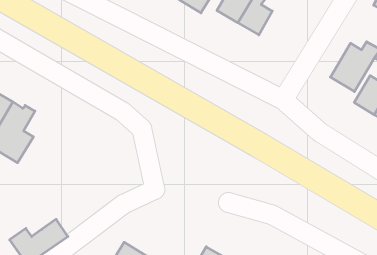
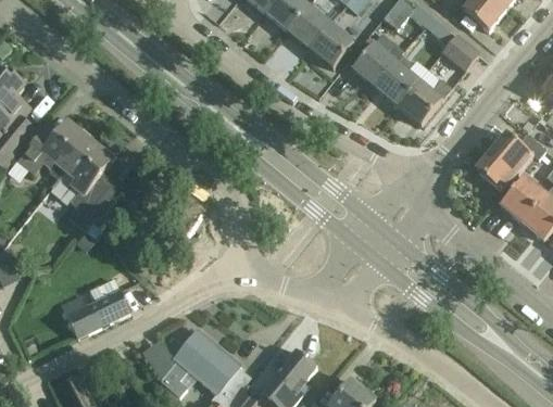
building: none -> [398,78,451,125]

